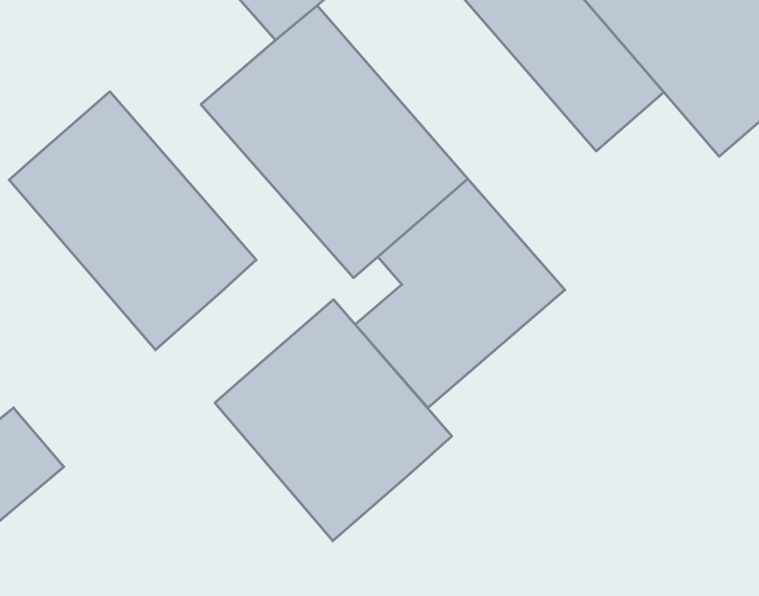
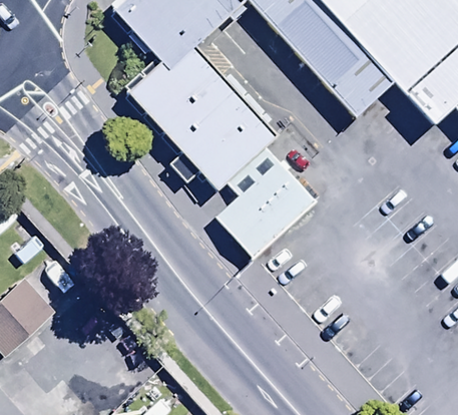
building: [9,92,256,350] -> none
building: [215,300,452,541] -> none

